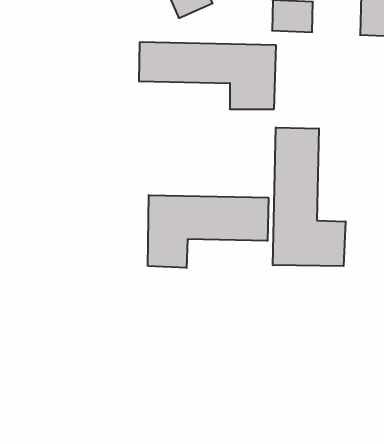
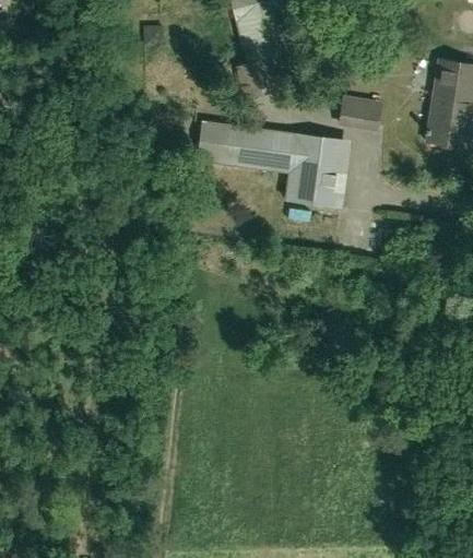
building: [273,127,346,266] -> none
building: [148,195,268,268] -> none

